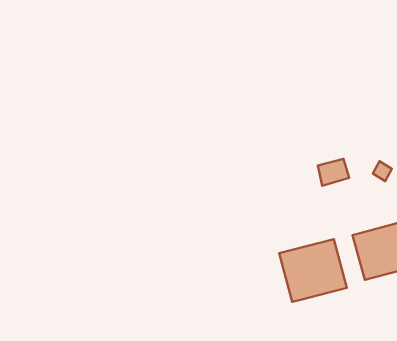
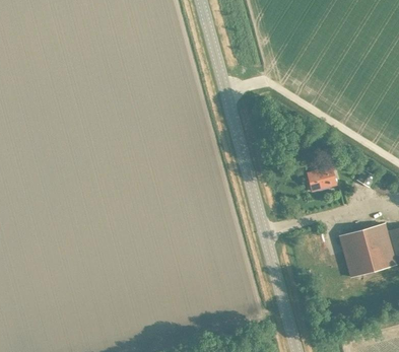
building: [279,239,347,302] -> none

